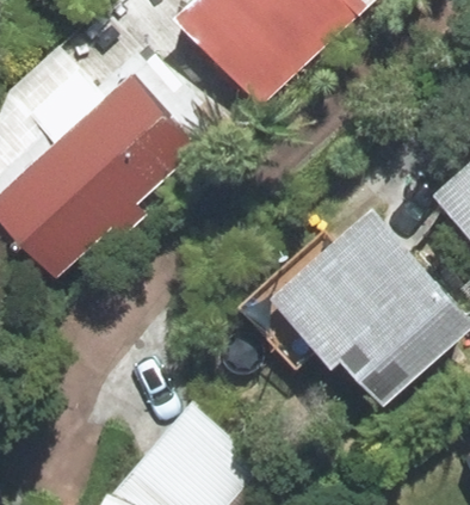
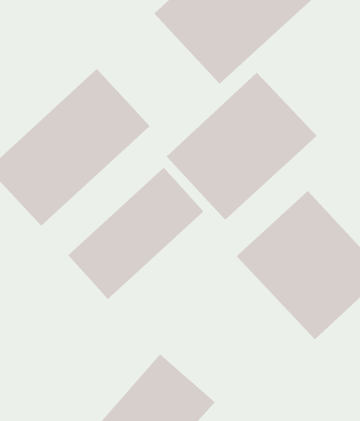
building: none -> [166,72,317,221]
building: none -> [68,167,204,300]

